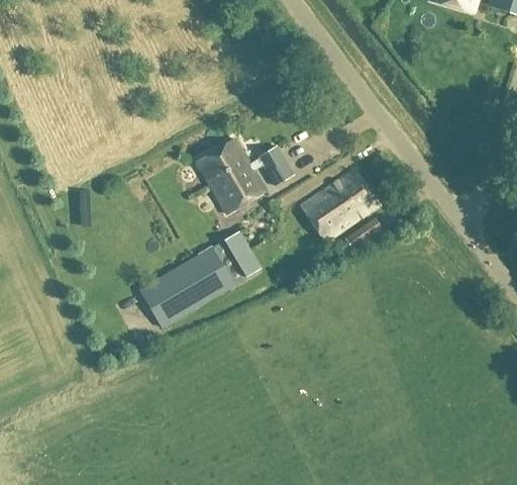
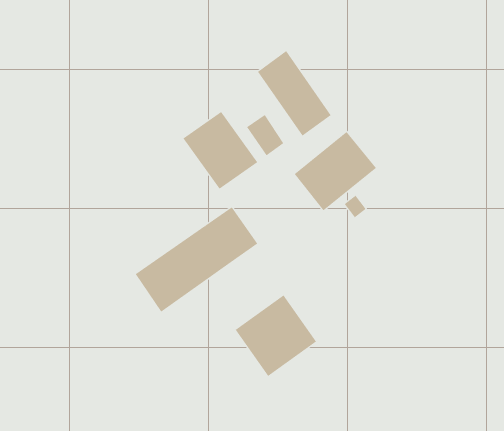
building: none -> [257,50,332,137]
building: none -> [235,294,317,377]

